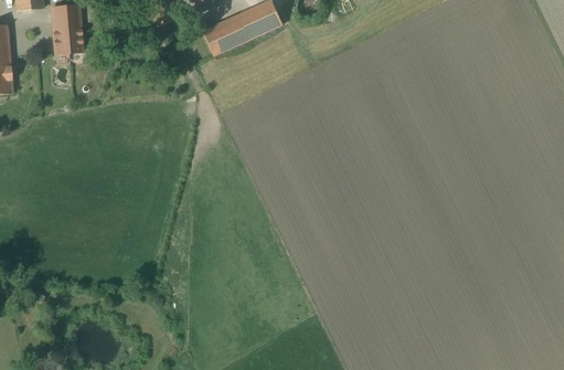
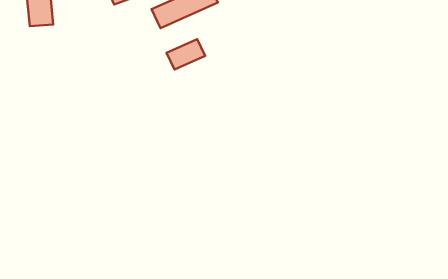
building: none -> [166,39,205,70]

